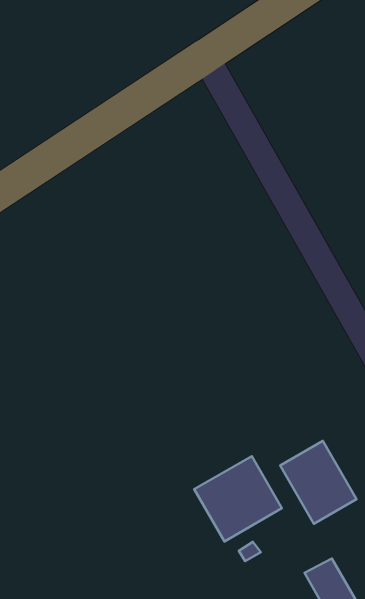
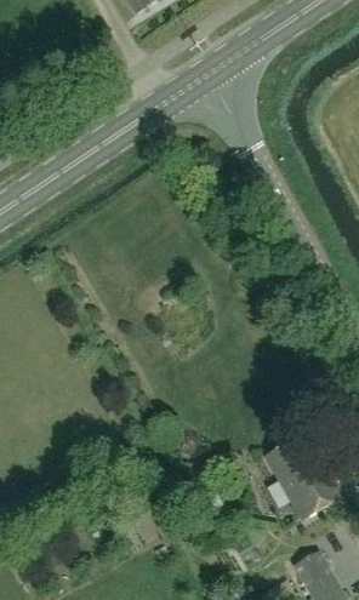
building: [194,456,282,541] -> none

